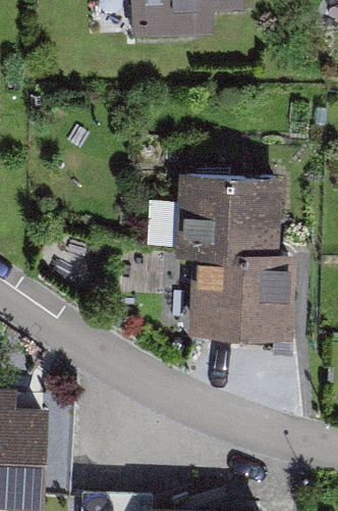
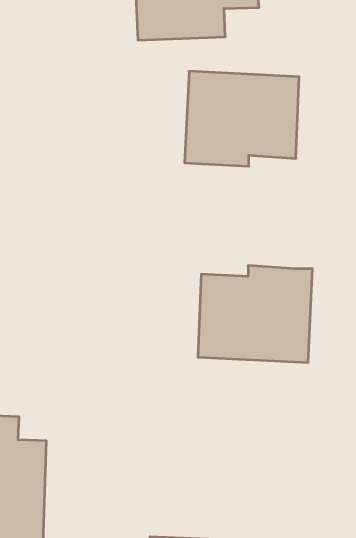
building: [173,171,280,260] -> [185,71,299,166]

